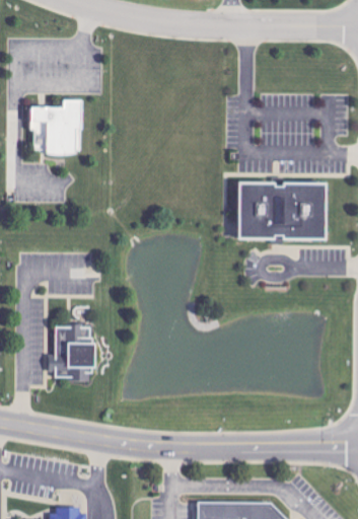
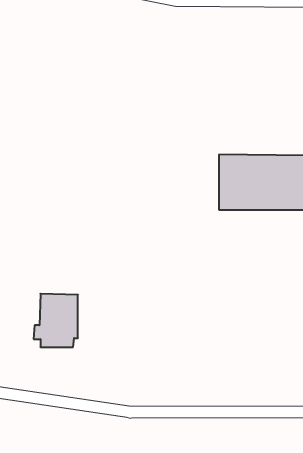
building: [29,98,81,154] -> none

